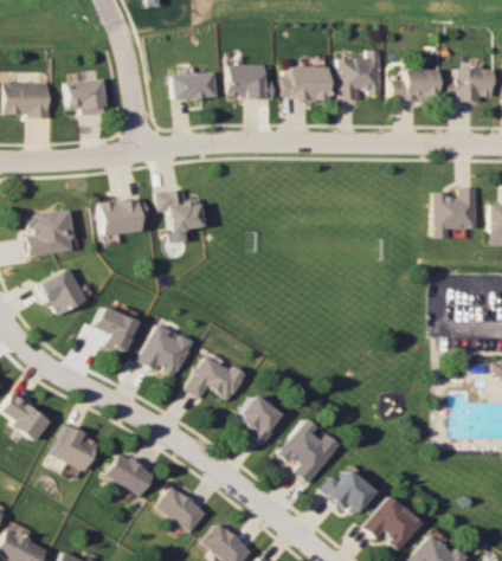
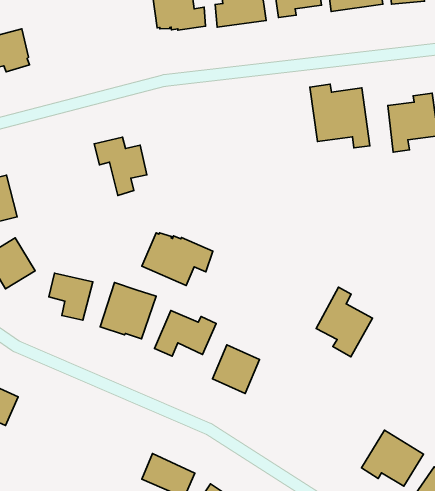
building: [172,70,215,98] -> none
building: none -> [310,84,370,148]
building: [98,198,147,236] -> none
building: none -> [142,233,213,285]
building: [278,418,332,484] -> [316,287,372,357]
building: [53,425,101,471] -> none
building: [108,454,154,495] -> none
building: [318,469,373,514] -> none

